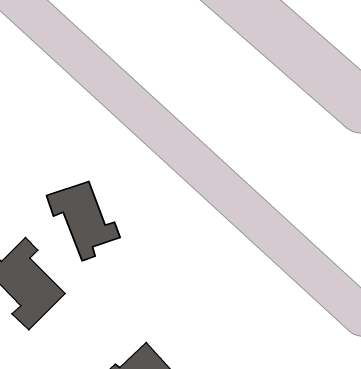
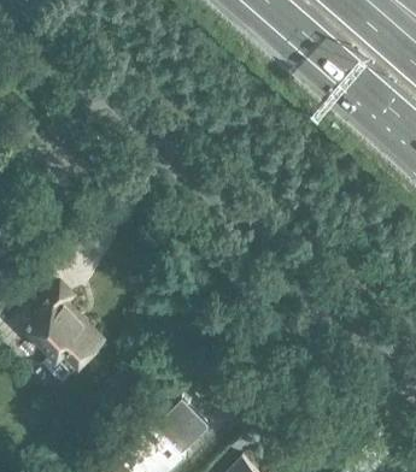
building: [47,182,120,261] -> none

